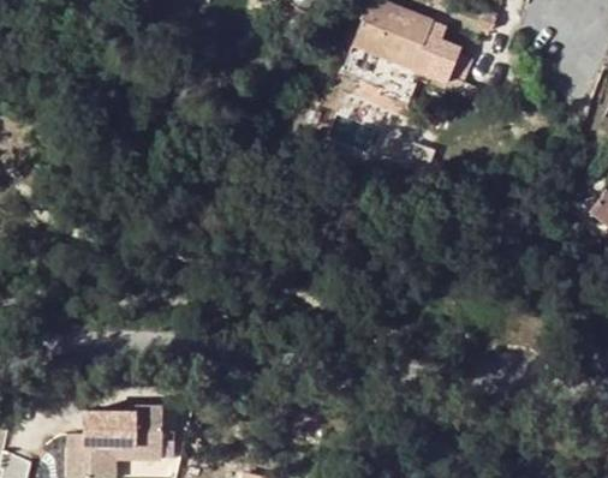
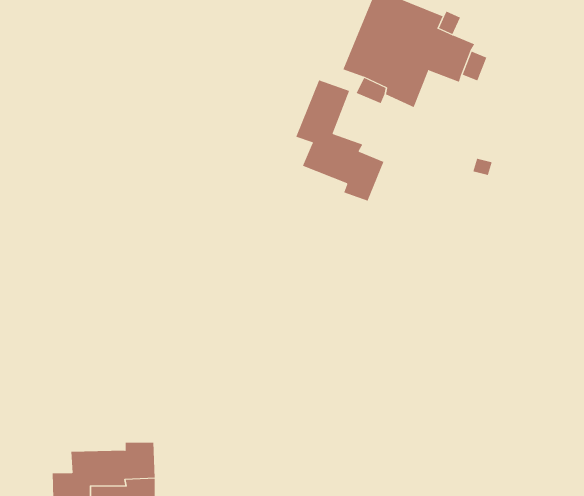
building: none -> [296,80,384,201]

